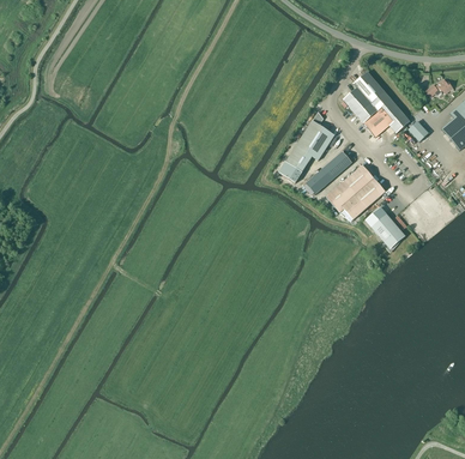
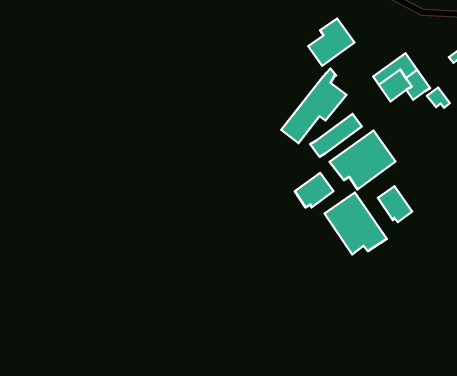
building: [343,71,385,115] -> [308,18,355,66]
building: none -> [295,173,334,208]
building: none -> [325,193,387,255]

